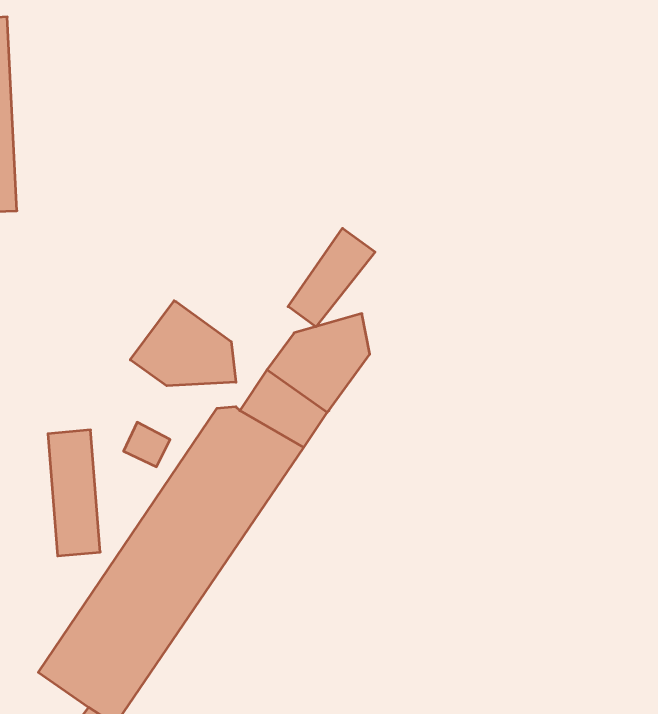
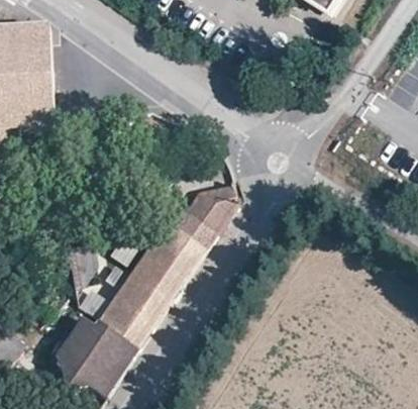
building: [288,228,375,327] -> none
building: [130,301,236,386] -> none

